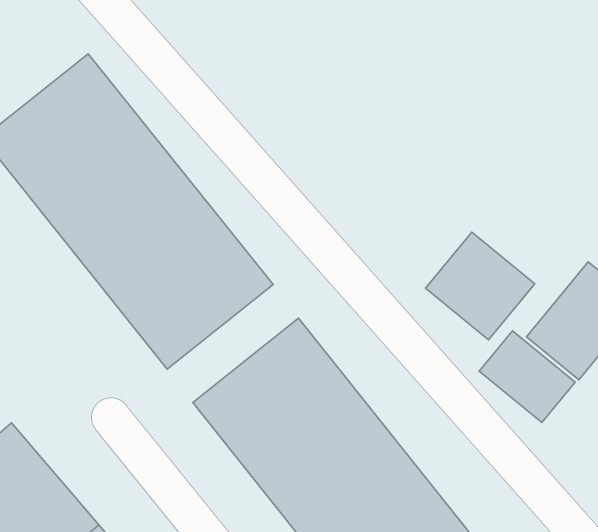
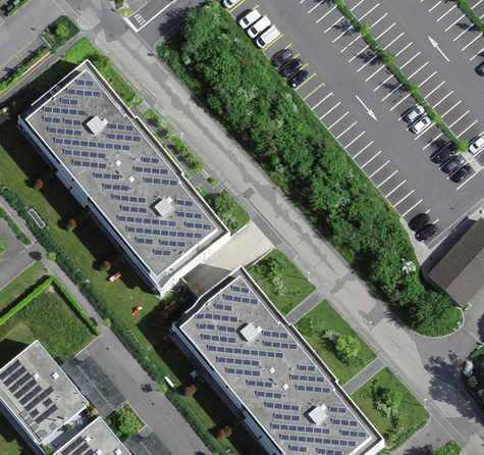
building: [426,232,535,340] -> none
building: [479,331,575,423] -> none

